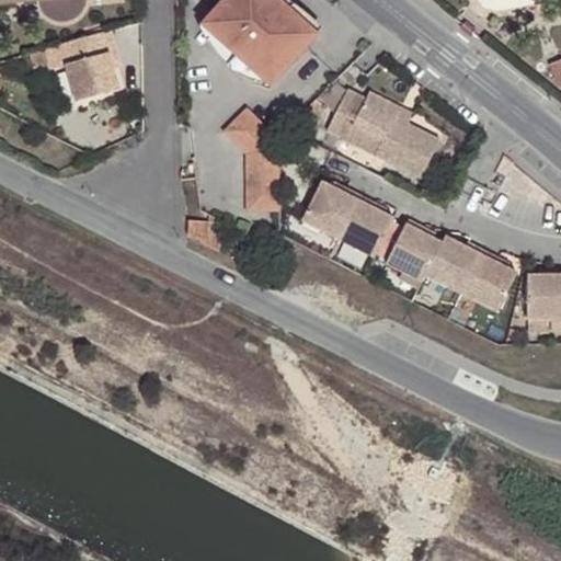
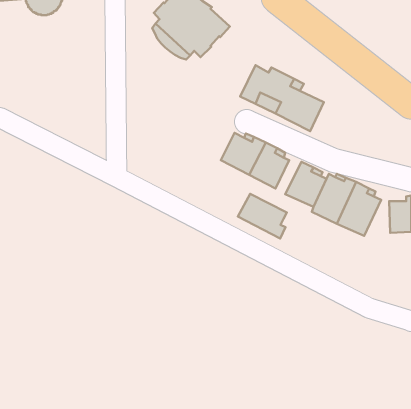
building: [55,27,116,98] -> none
building: [222,111,280,215] -> none
building: none -> [238,194,287,238]

